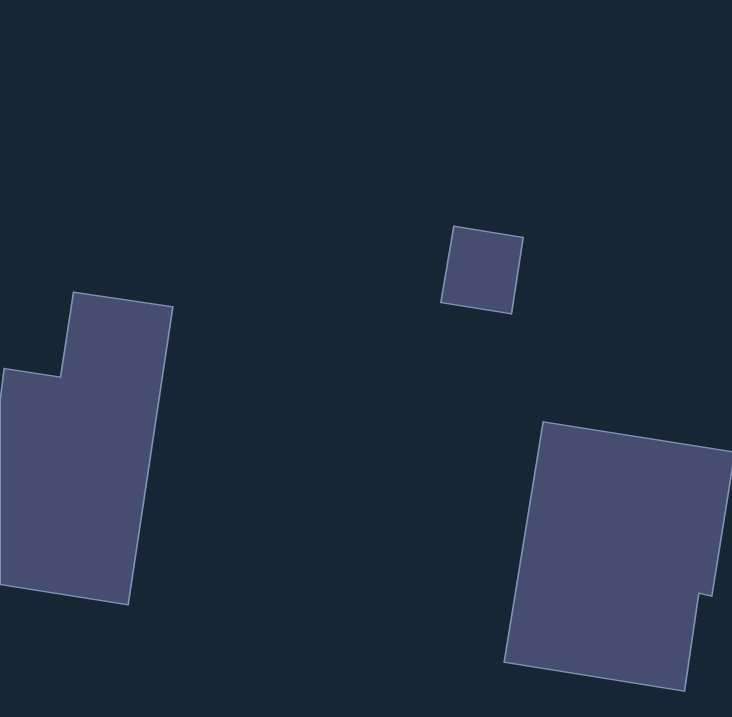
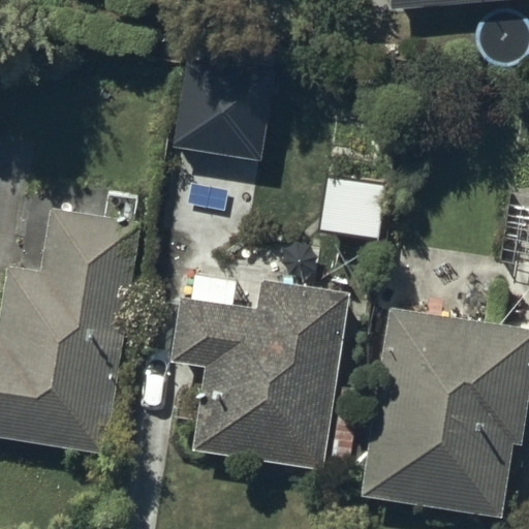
building: none -> [180,66,268,156]
building: none -> [175,291,346,467]

